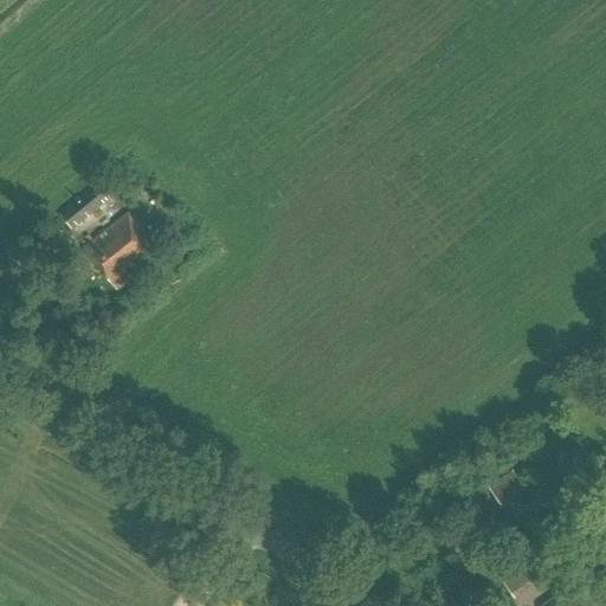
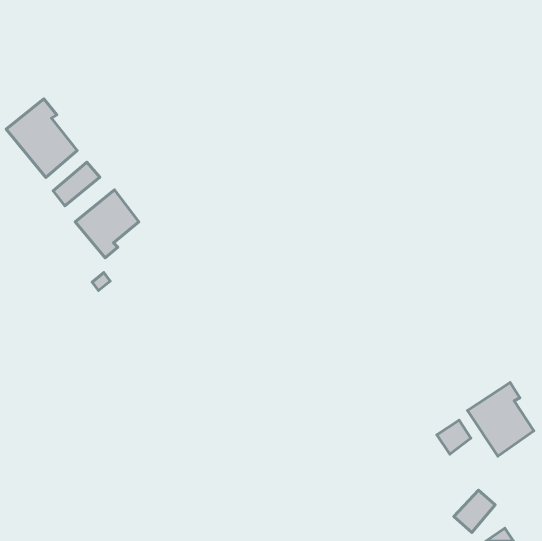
building: none -> [6,99,77,178]
building: none -> [468,383,534,456]

